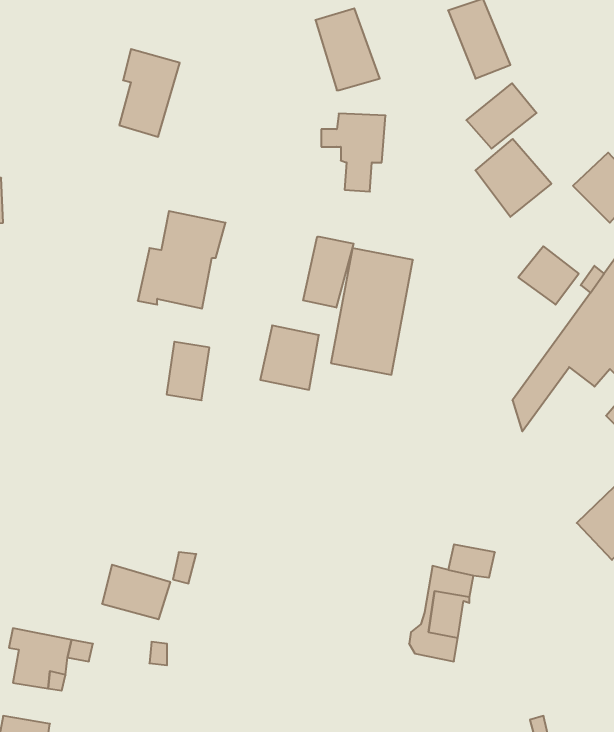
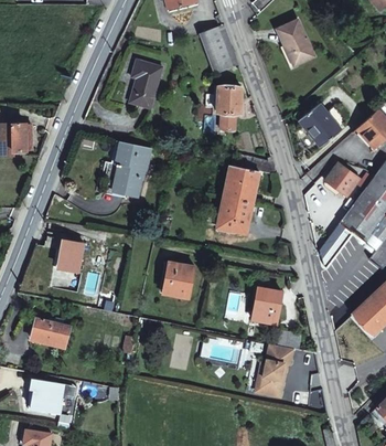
building: [119,49,180,137] -> [127,59,161,108]
building: [466,83,537,149] -> none
building: [303,237,354,308] -> none
building: [260,325,319,390] -> [161,261,194,297]
building: [167,342,209,400] -> [65,240,89,273]
building: none -> [251,286,282,322]
building: [102,565,170,619] -> [32,318,71,349]

